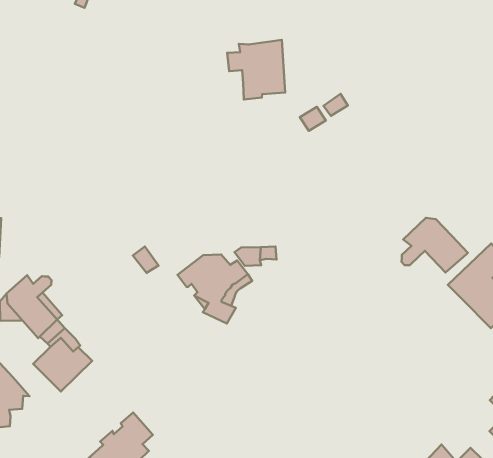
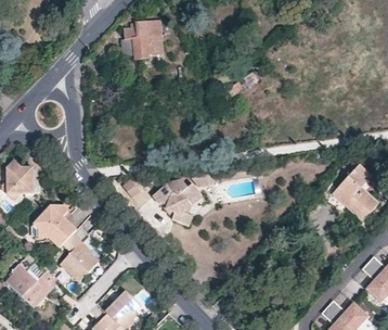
building: [227,40,285,100] -> [121,18,161,60]
building: [401,218,468,272] -> none

